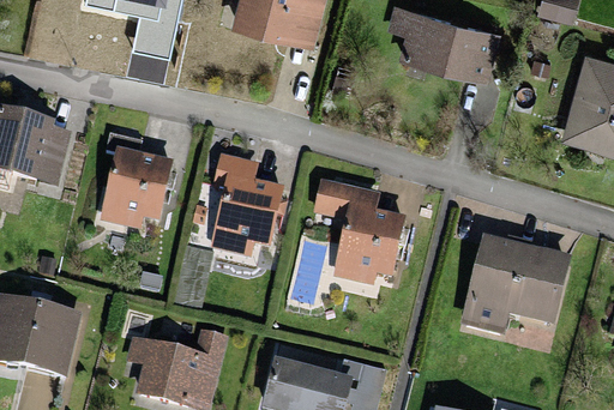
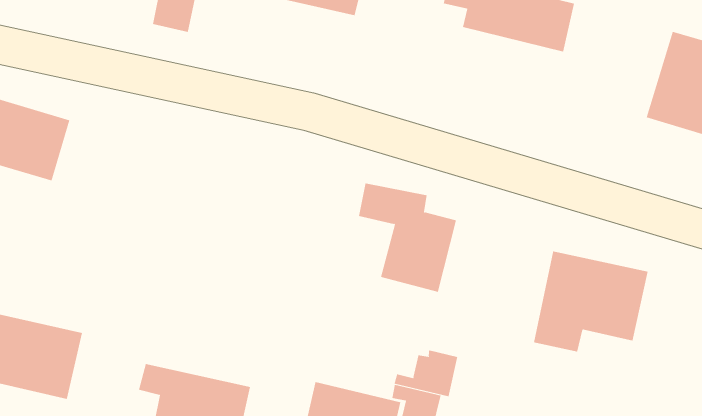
building: [104,151,169,221] -> none
building: [212,159,276,249] -> none
building: none -> [394,349,458,397]

